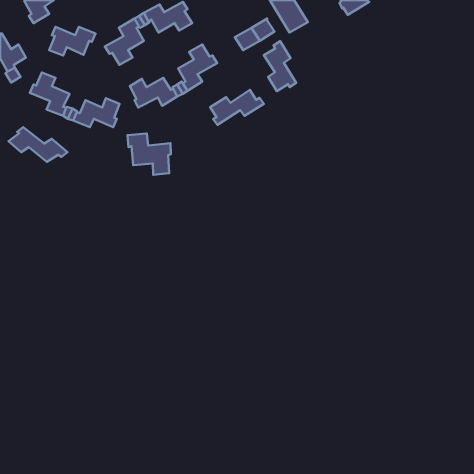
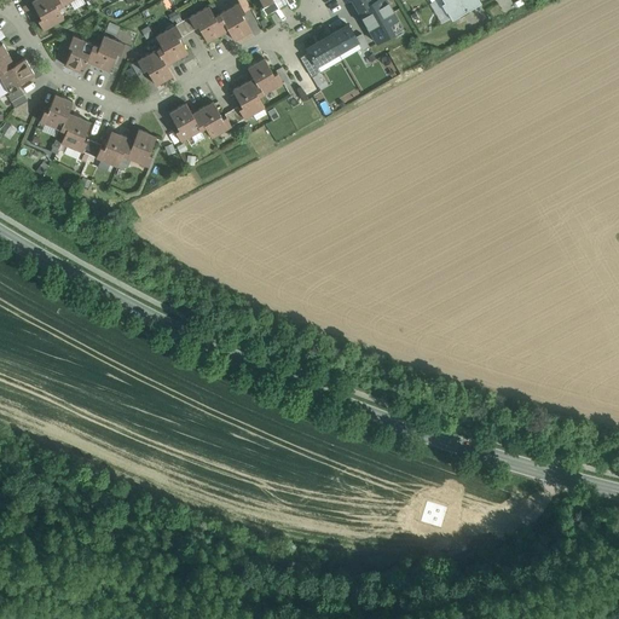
building: [264,41,296,91] -> none
building: [210,90,264,125] -> none
building: [8,127,67,162] -> none
building: [127,134,171,175] -> none

